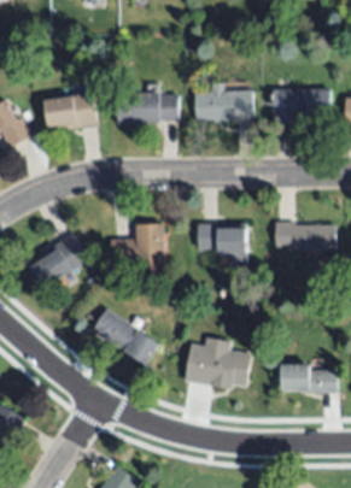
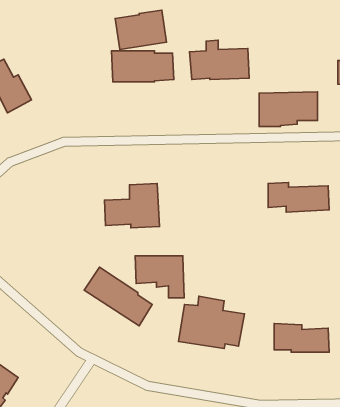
building: [271,88,330,123] -> [259,92,318,127]
building: [43,92,95,131] -> [115,10,167,50]
building: [197,223,246,265] -> [135,256,184,298]
building: [27,234,89,288] -> none

